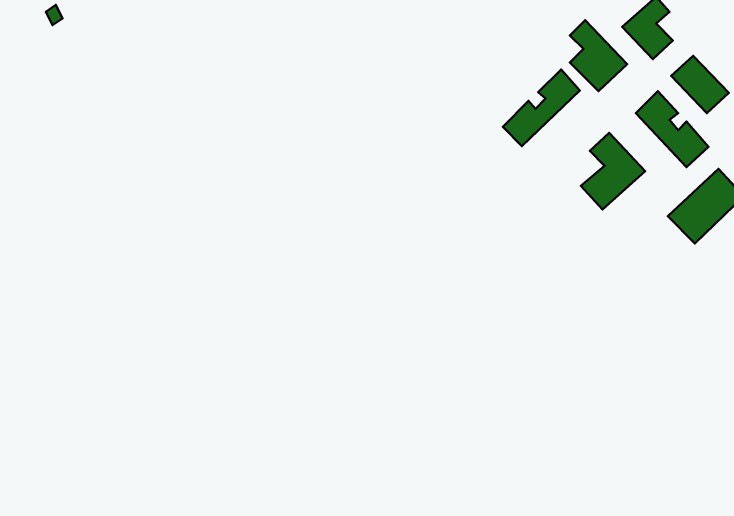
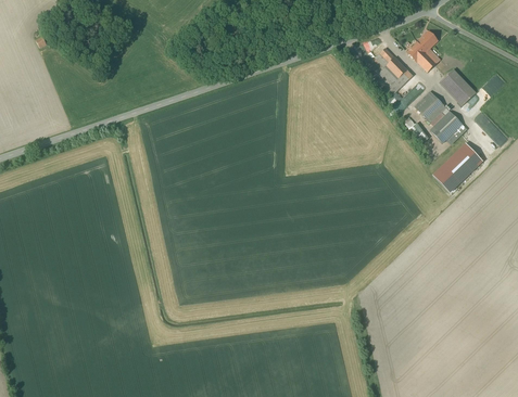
building: [503,69,580,146] -> none
building: [581,133,645,209] -> none

